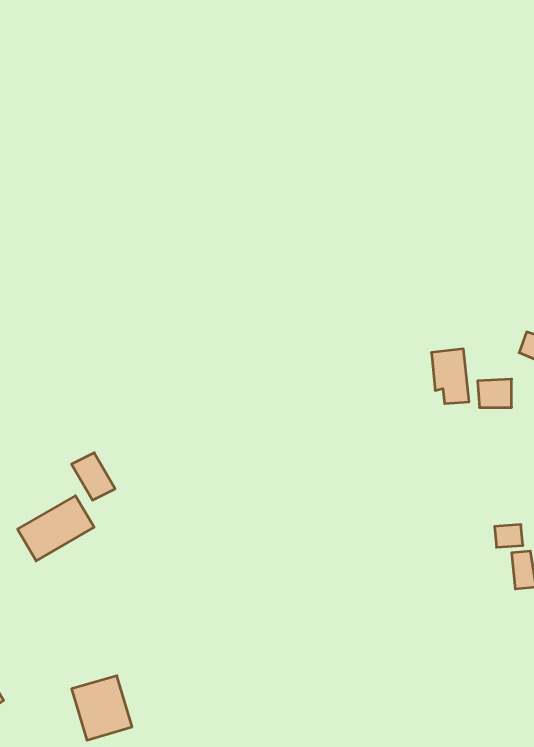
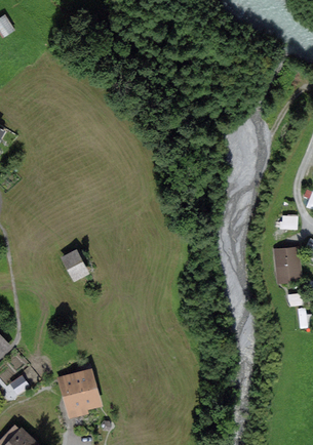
building: [431,349,469,404] -> [275,251,296,281]
building: [18,496,94,561] -> none

